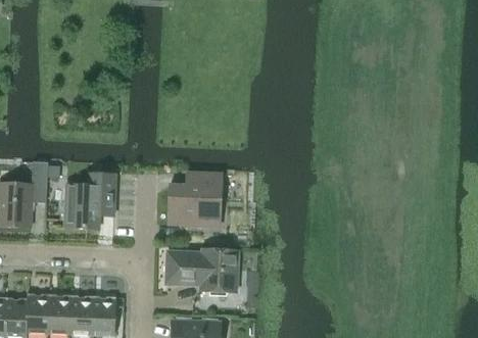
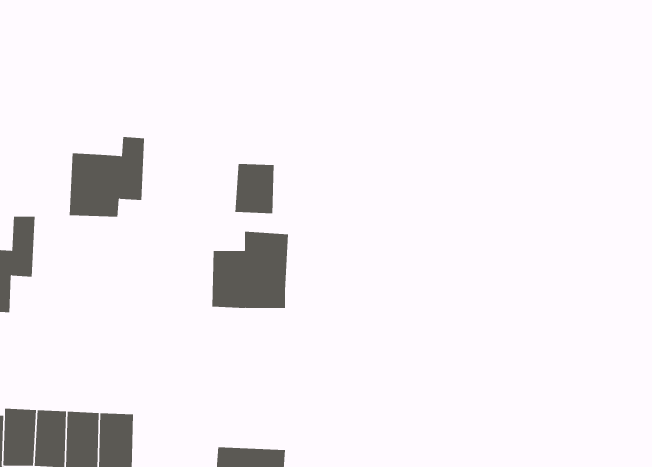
building: none -> [235,163,274,214]
building: [64,174,116,229] -> [69,137,145,217]
building: [165,248,238,291] -> none

